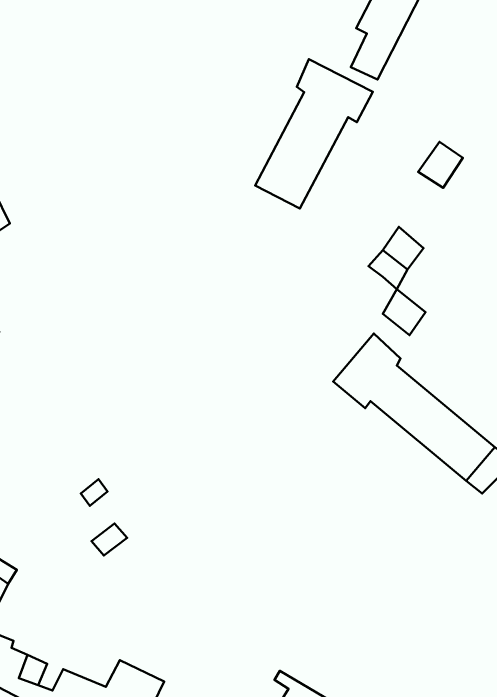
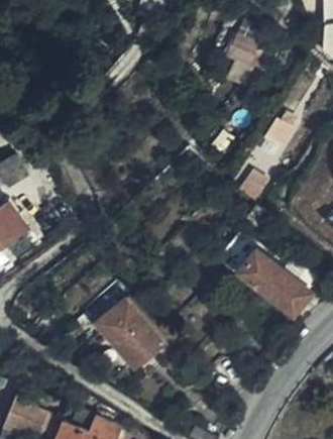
building: [255,59,373,208] -> none
building: none -> [95,297,162,365]

